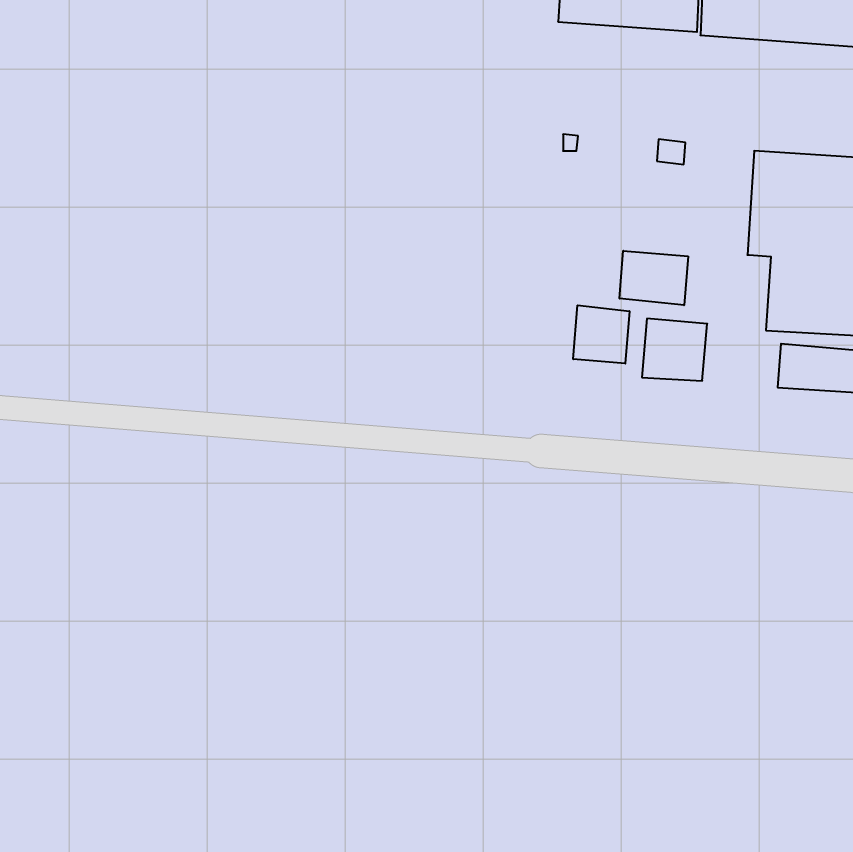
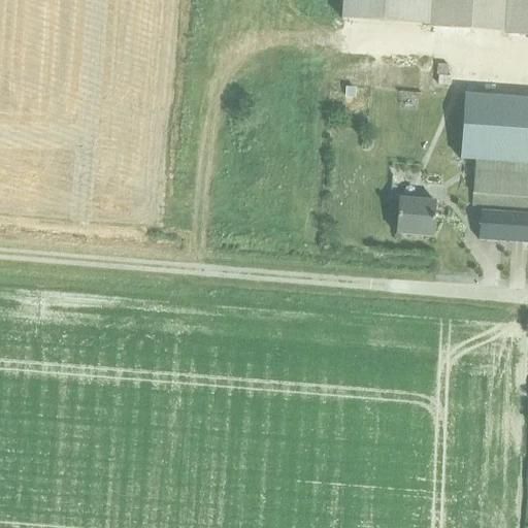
building: [620,251,688,305] -> none
building: [573,305,629,364] -> none

